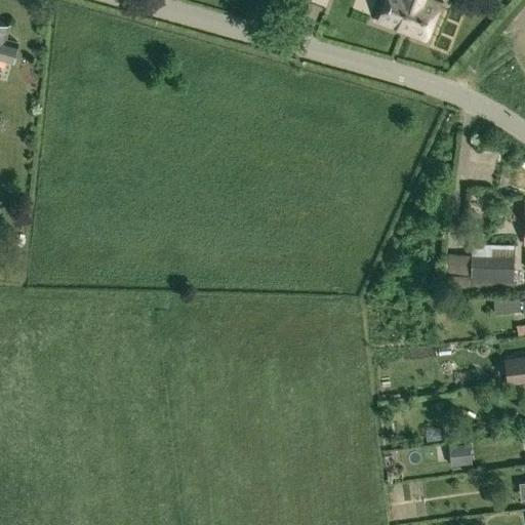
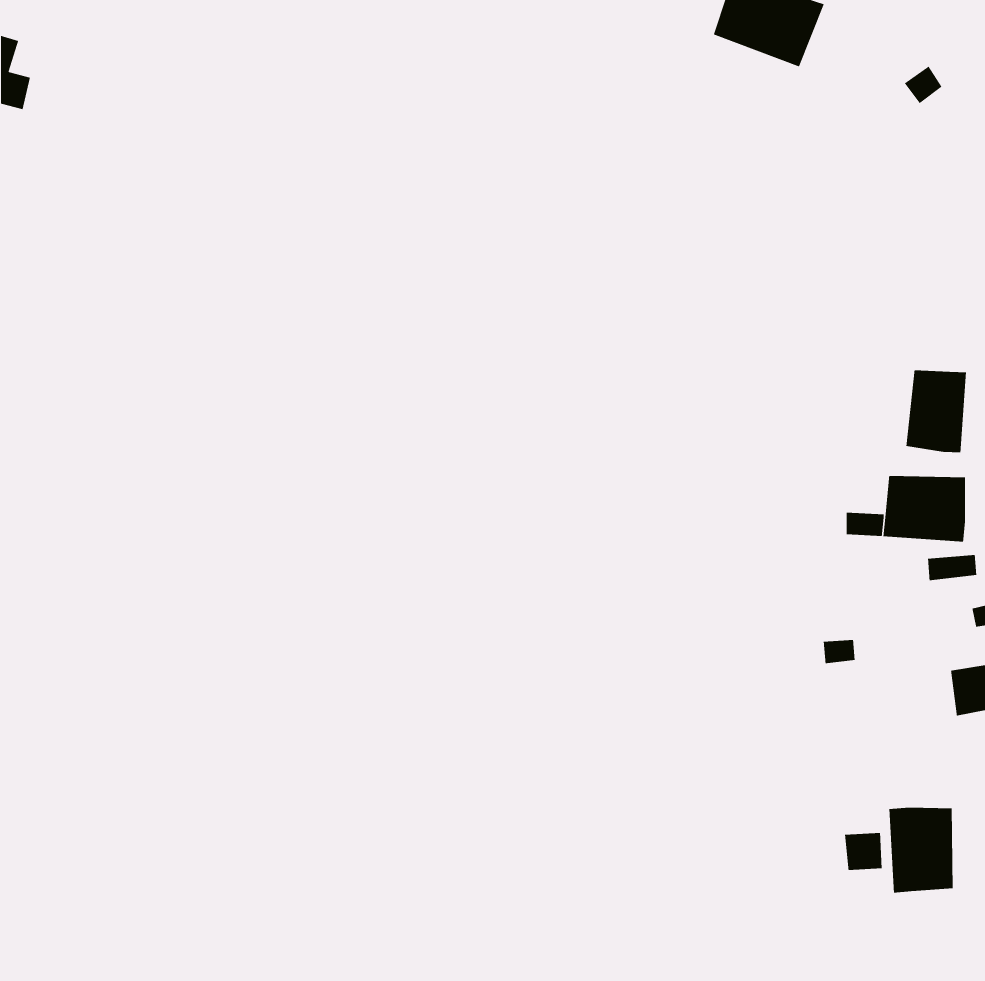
building: none -> [905,369,967,453]
building: none -> [889,807,953,893]

